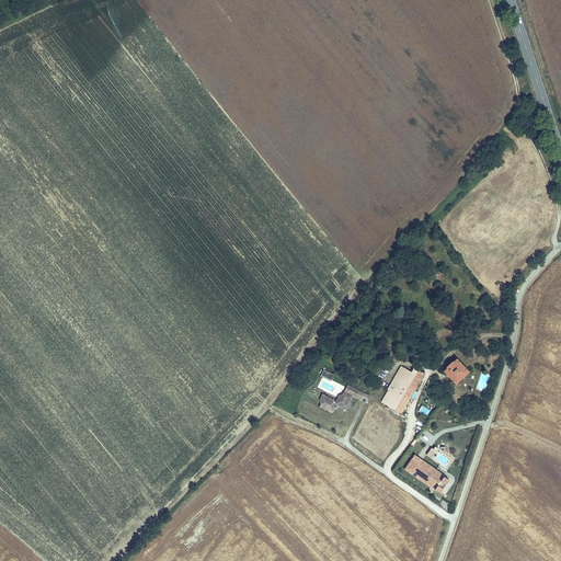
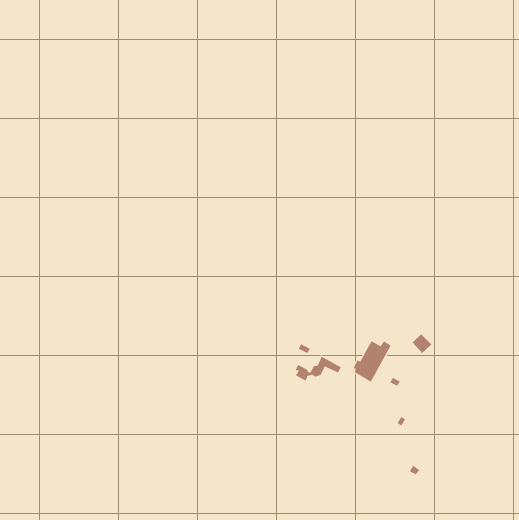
building: [404,455,447,491] -> none

